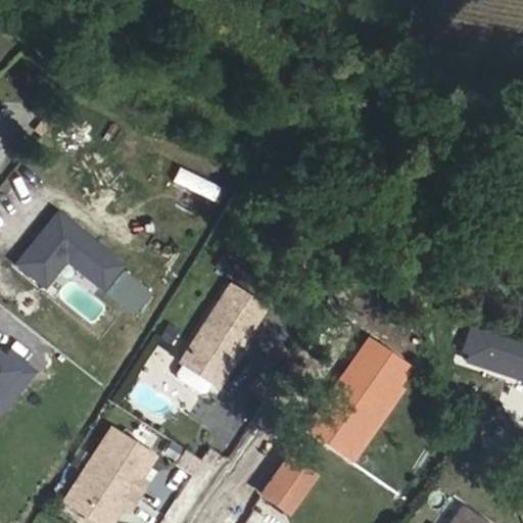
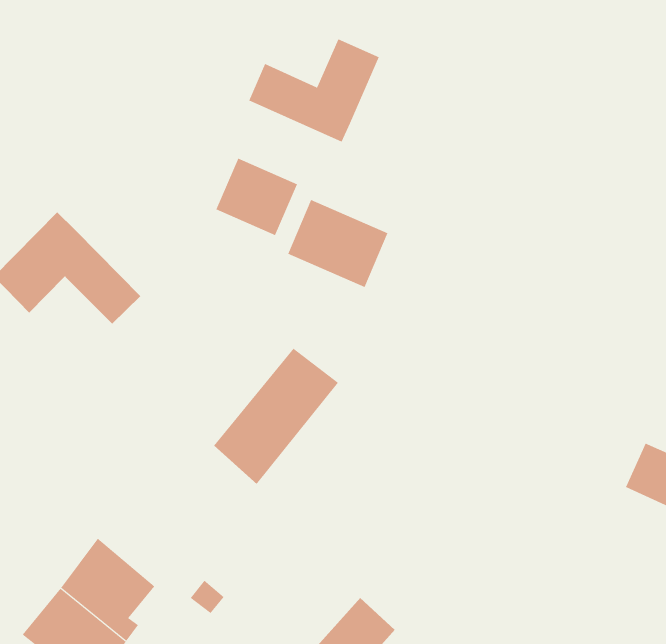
building: none -> [249,39,380,143]
building: none -> [288,199,388,288]
building: [306,335,418,459] -> none

